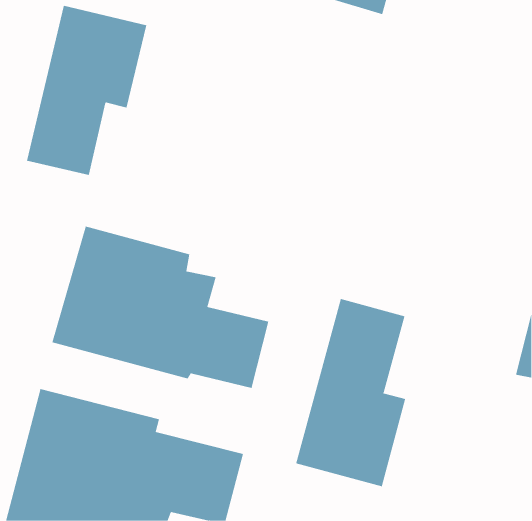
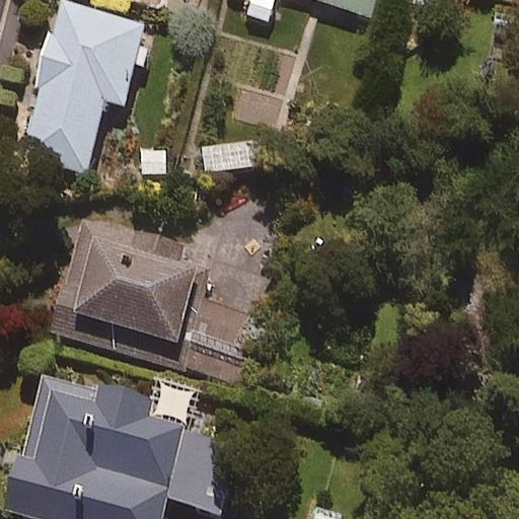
building: [296,298,406,487] -> none

